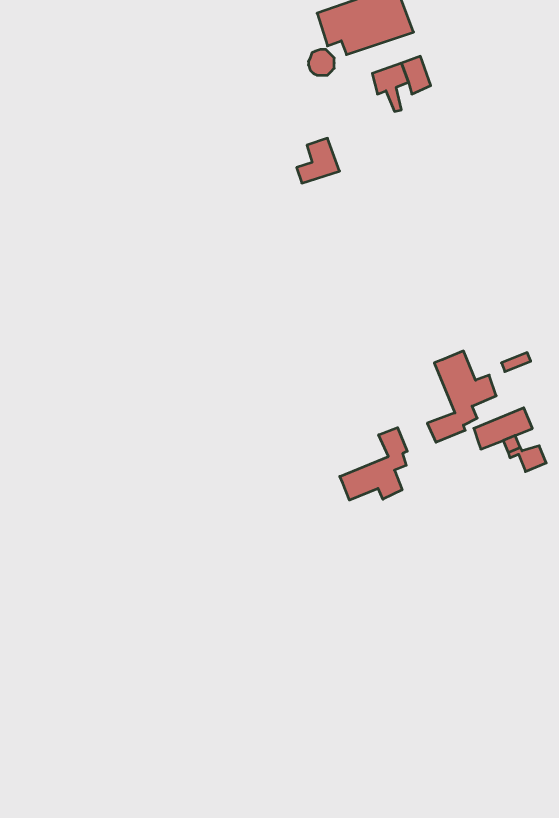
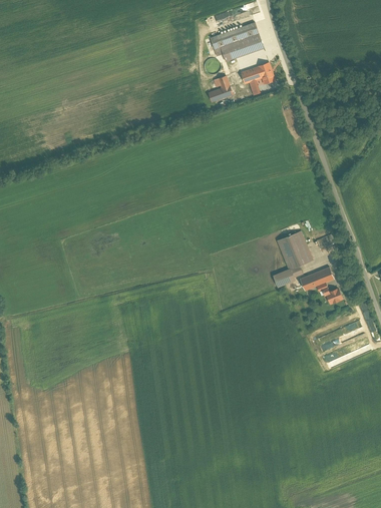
building: [297,138,340,183] -> [208,75,233,101]
building: [340,428,407,500] -> none

